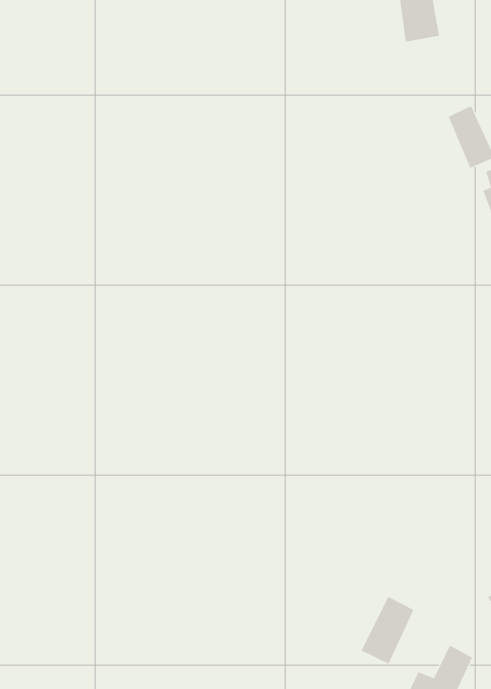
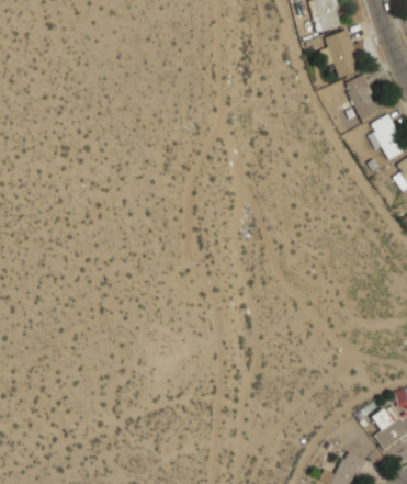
building: none -> [326,31,360,78]
building: [361,596,414,664] -> none

